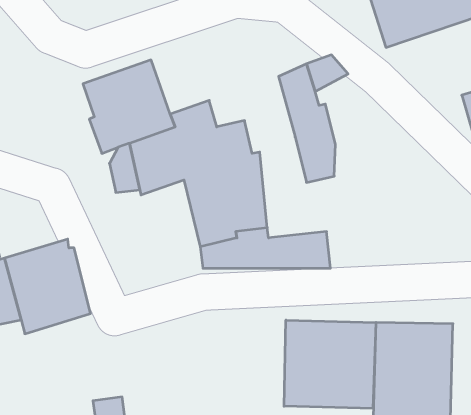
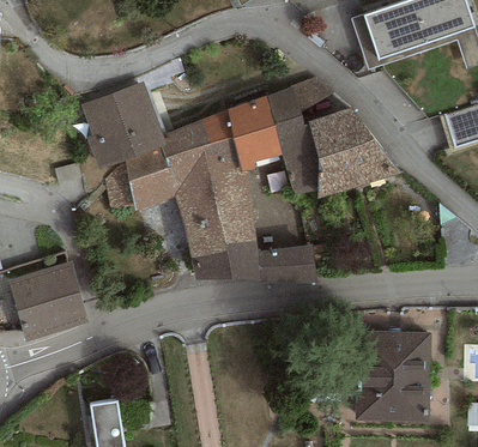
building: none -> [200,96,282,169]
building: none -> [310,105,400,198]
building: [284,320,376,408] -> none

